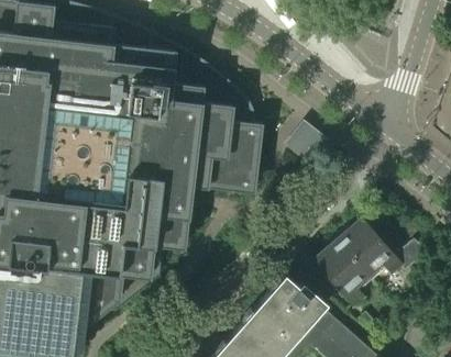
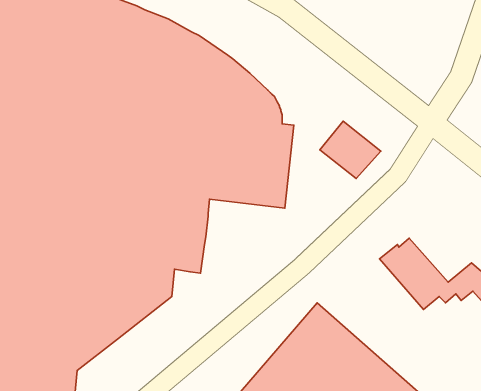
building: [312,238,372,308] -> none

